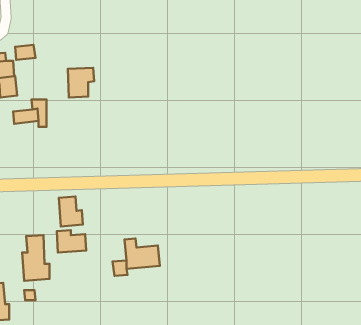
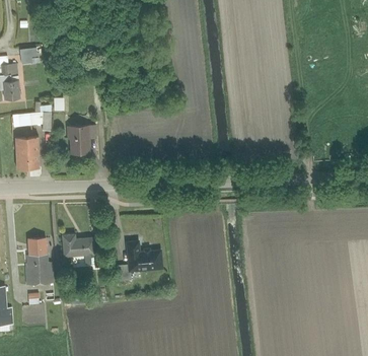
building: [68,68,94,97] -> [67,125,93,154]
building: none -> [14,137,40,169]
building: [59,197,83,227] -> none

